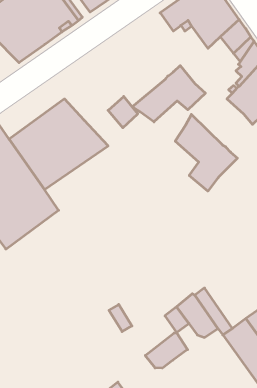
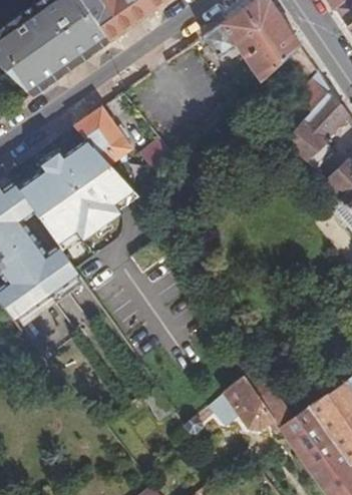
building: [132,66,205,122] -> none
building: none -> [74,106,133,165]
building: [175,114,237,191] -> none
building: [145,332,188,368] -> none

